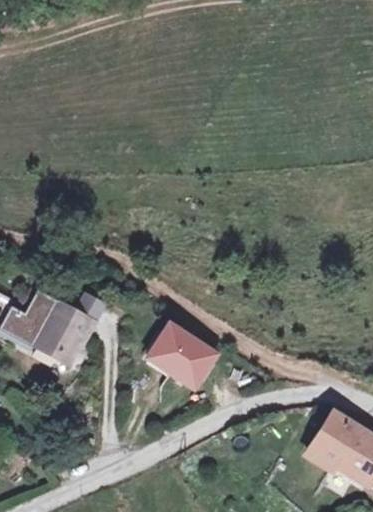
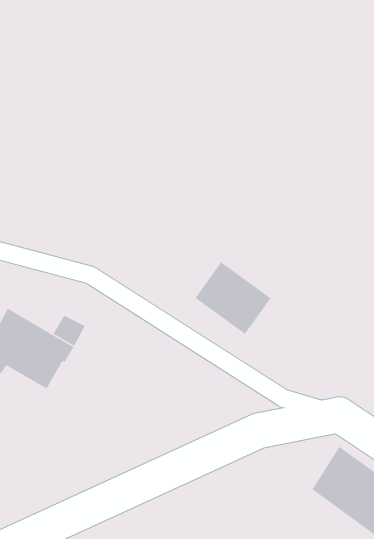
building: [147,324,214,388] -> [194,261,272,335]

